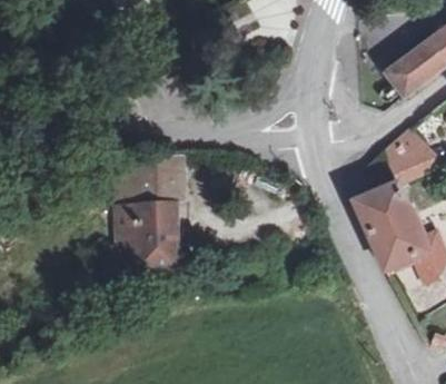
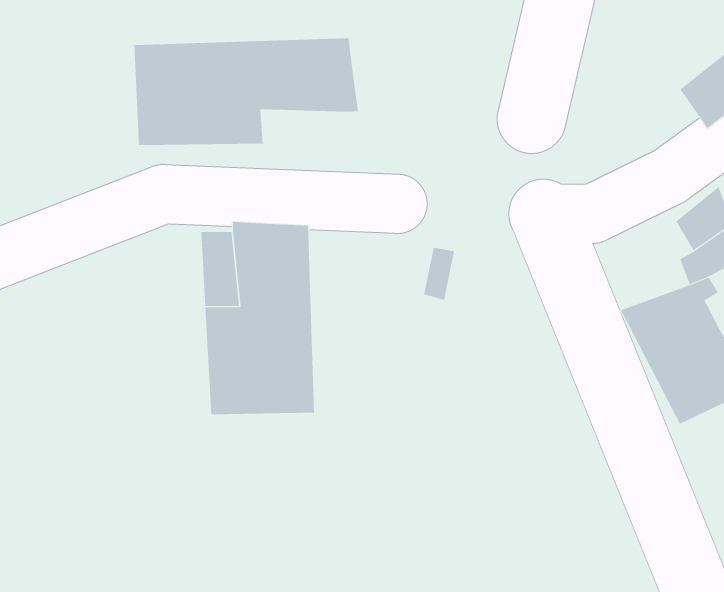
building: none -> [134,38,358,146]

